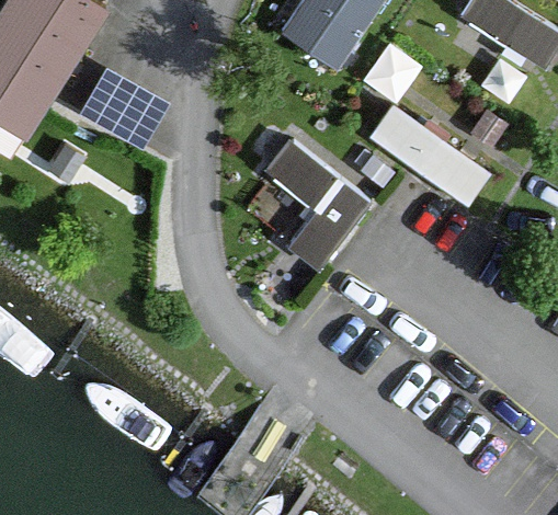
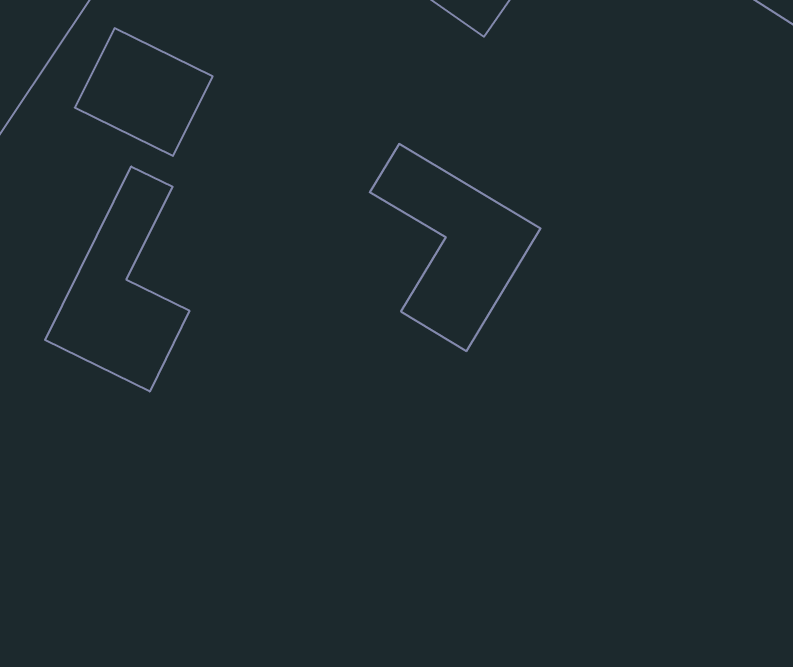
building: [365,95,490,201] -> none
building: none -> [45,166,189,392]

